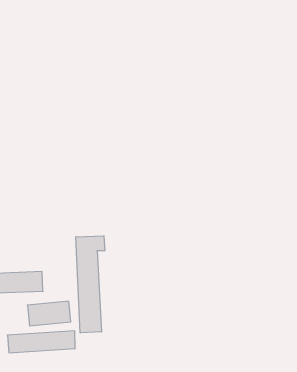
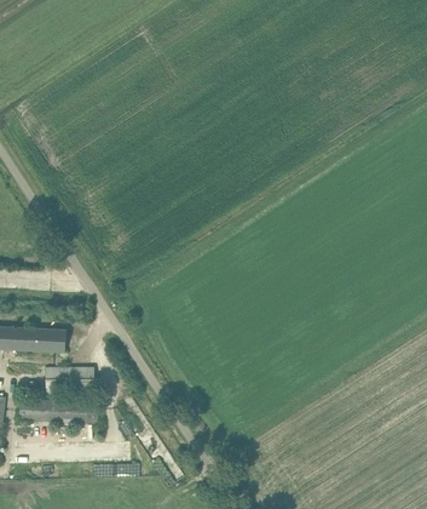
building: [76,236,105,333] -> none

